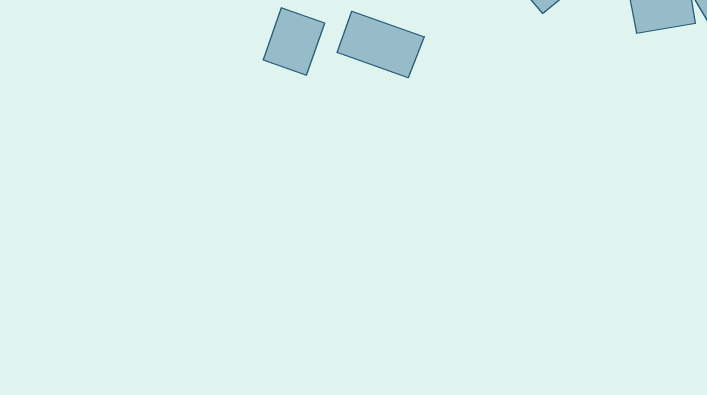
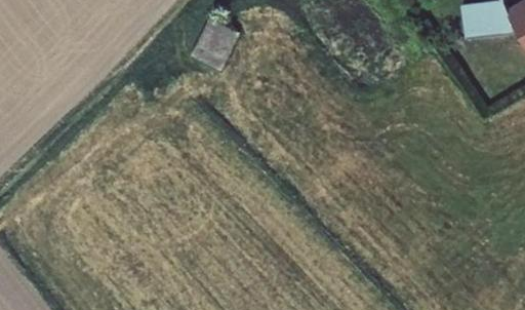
building: [337,11,424,78] -> none

